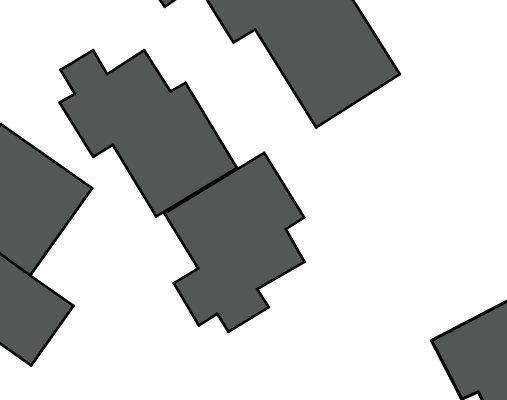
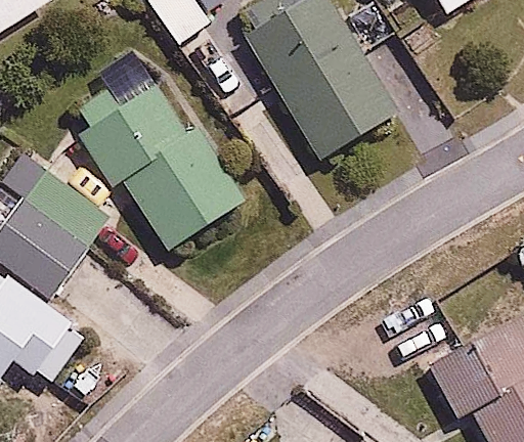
building: [164,153,304,332] -> none

